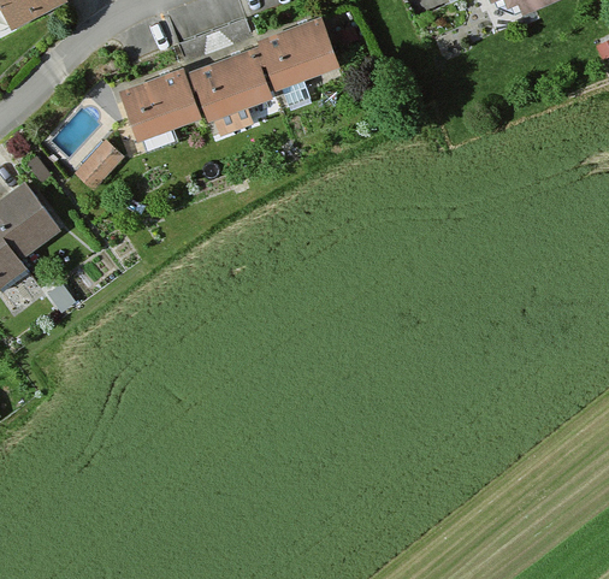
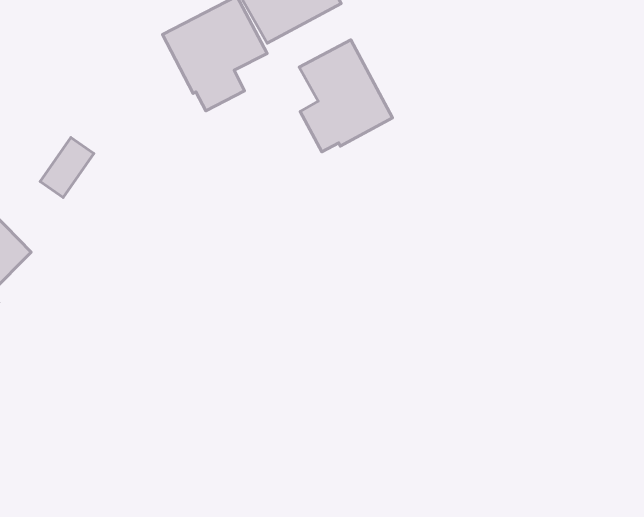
building: [120,67,201,140] -> none
building: none -> [299,40,393,152]

